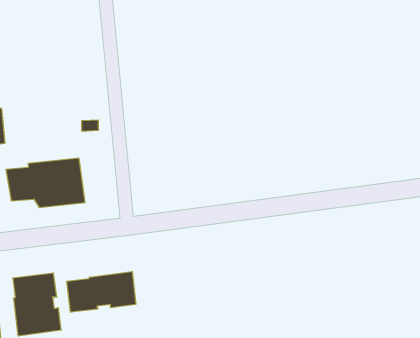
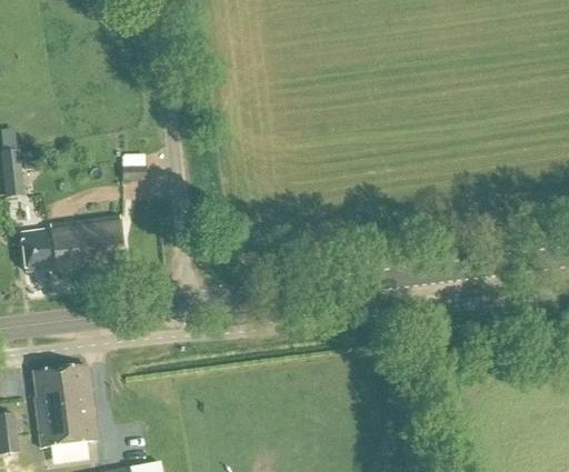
building: [67,271,136,312] -> none

